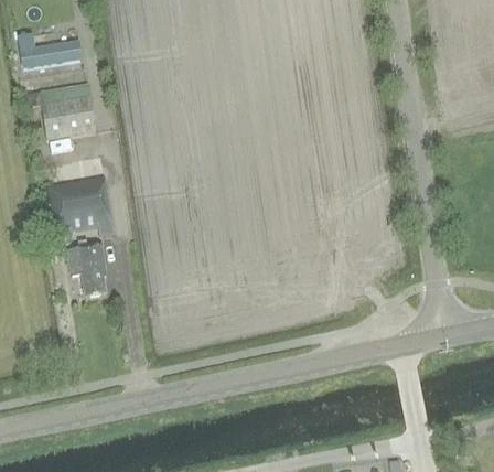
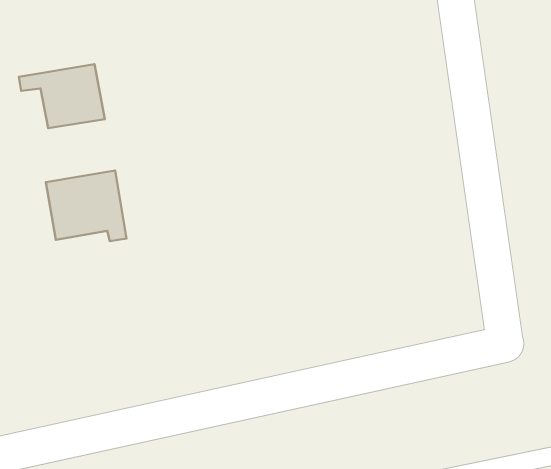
building: [18,33,79,67] -> none
building: [66,242,106,294] -> none

